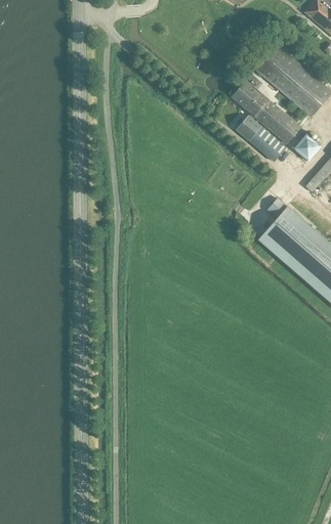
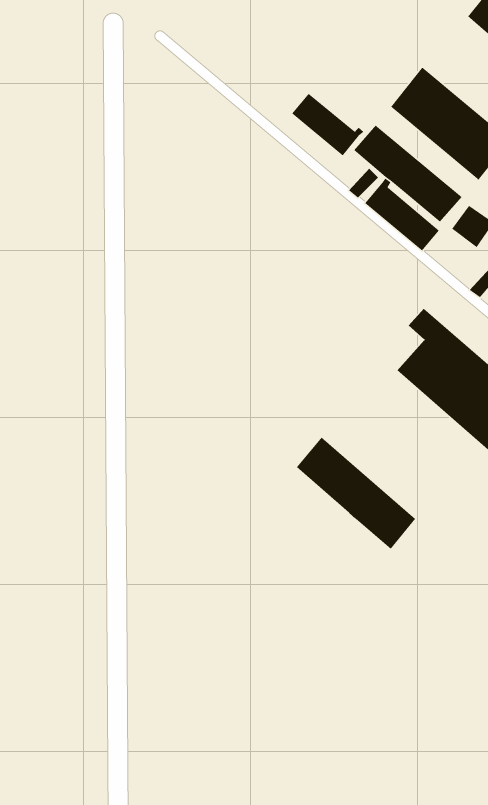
building: none -> [291,93,364,157]
building: none -> [296,436,416,550]

